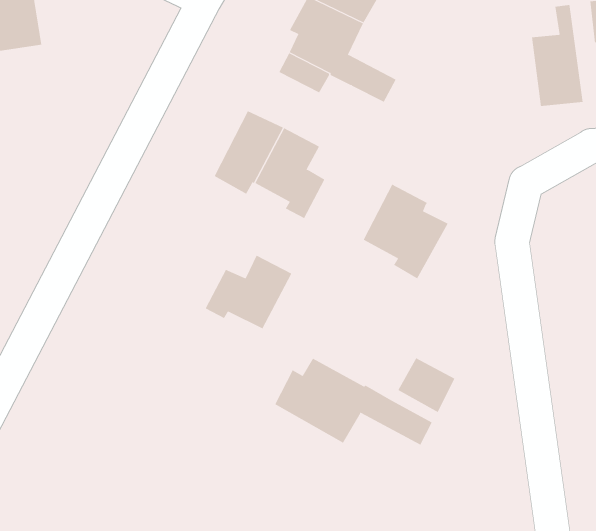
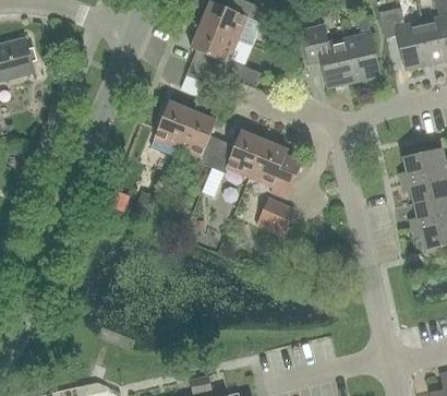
building: none -> [300,24,353,87]
building: [205,255,292,329] -> [210,129,264,176]
building: [397,358,455,413] -> [257,197,293,231]
building: [275,358,432,446] -> none

